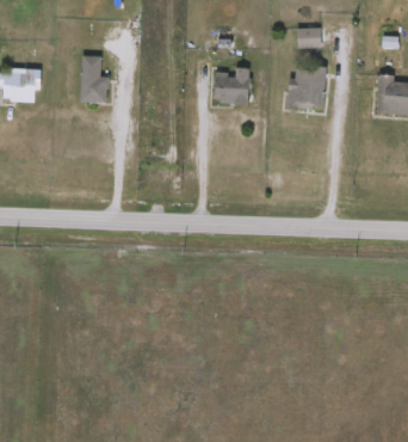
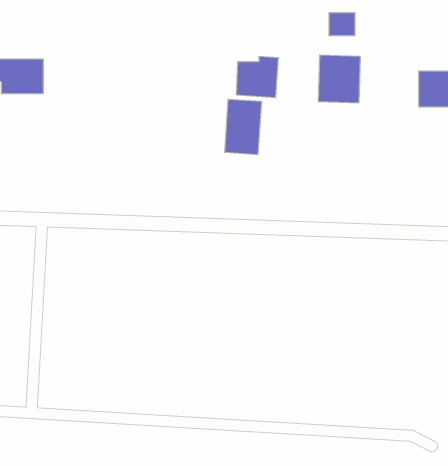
building: [80,55,109,103] -> none
building: none -> [225,99,261,155]

